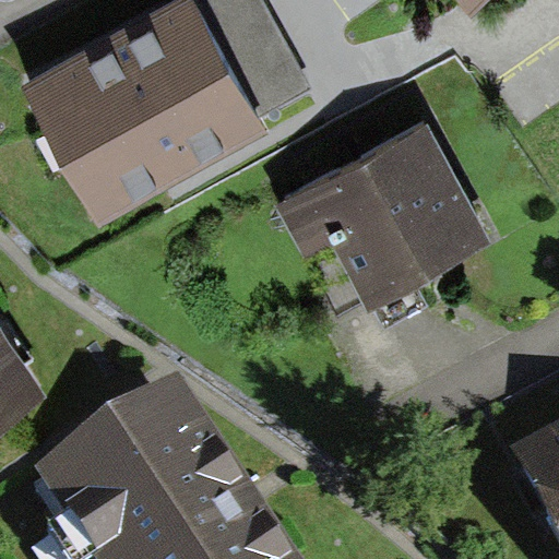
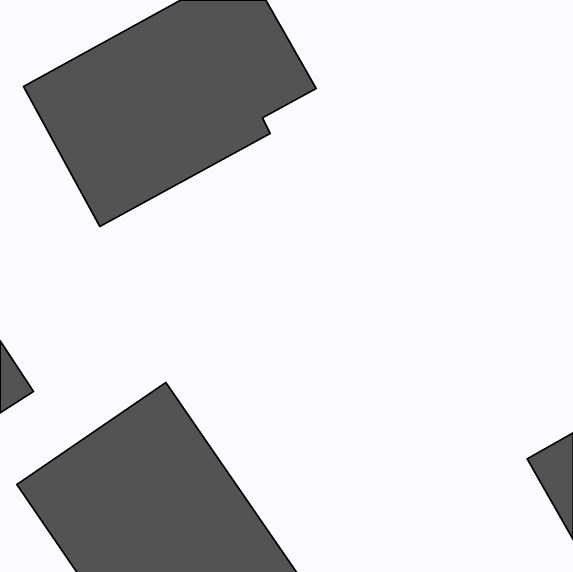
building: [275,120,491,310] -> none

